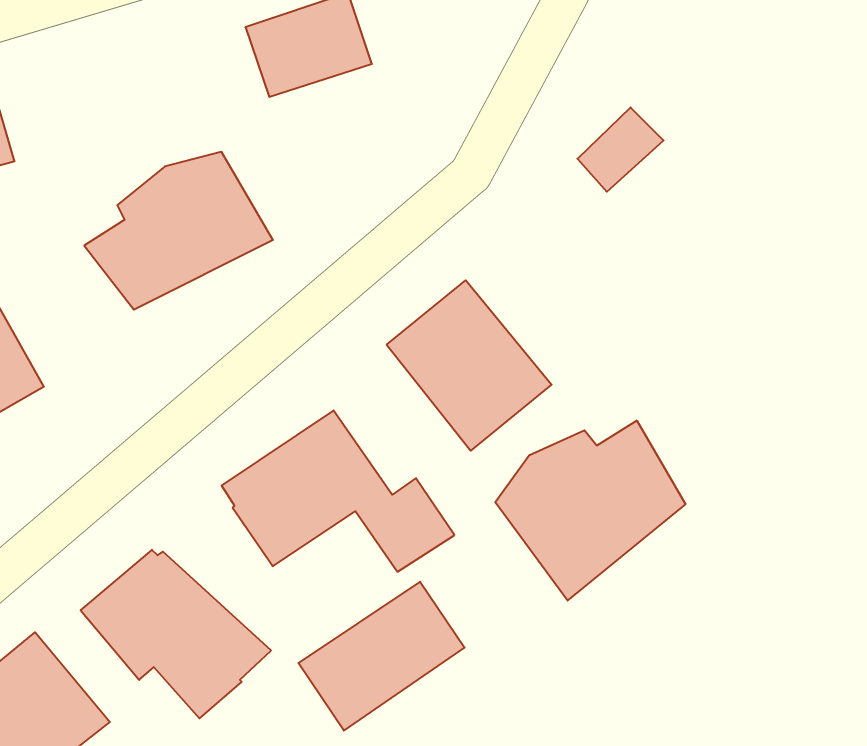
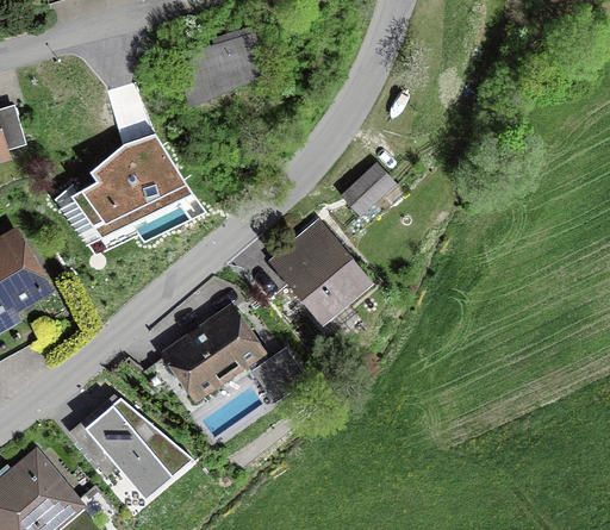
building: [577,107,664,192] -> [341,163,397,218]
building: [495,421,685,601] -> none
building: [298,582,465,731] -> none

